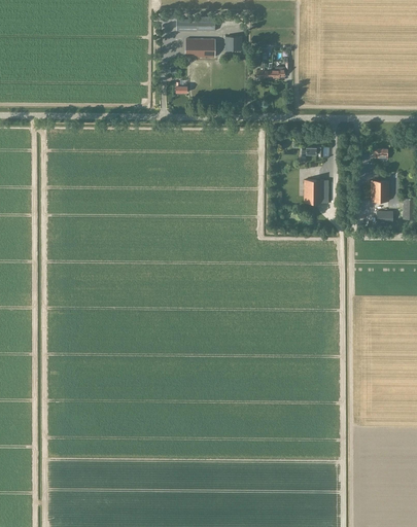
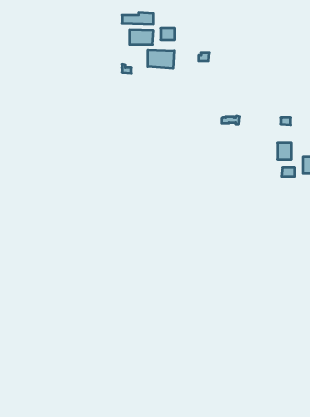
building: none -> [148,50,174,68]
building: [305,179,321,203] -> none

